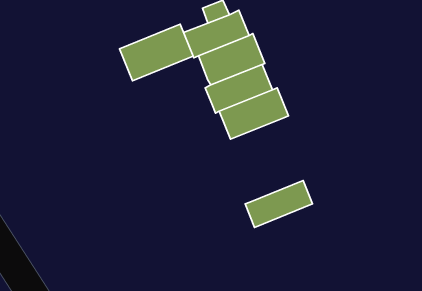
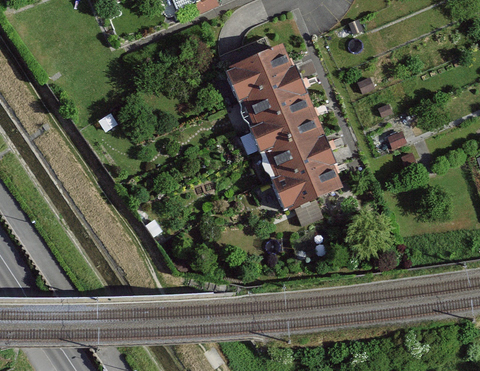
building: [119,24,193,81] -> none
building: [245,181,312,227] -> [269,162,341,212]

